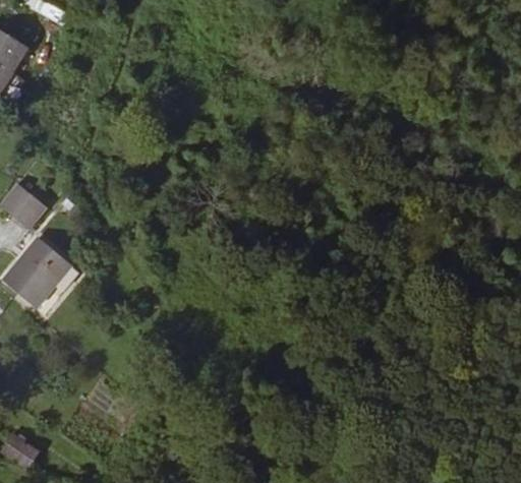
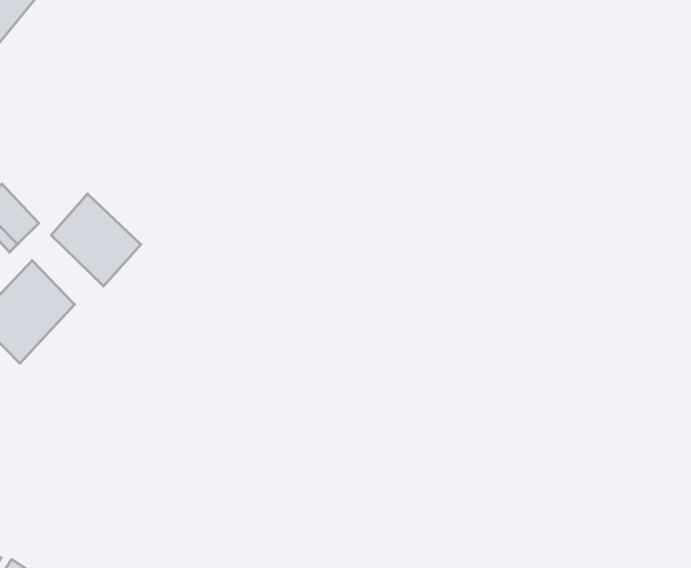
building: none -> [51,194,141,286]

